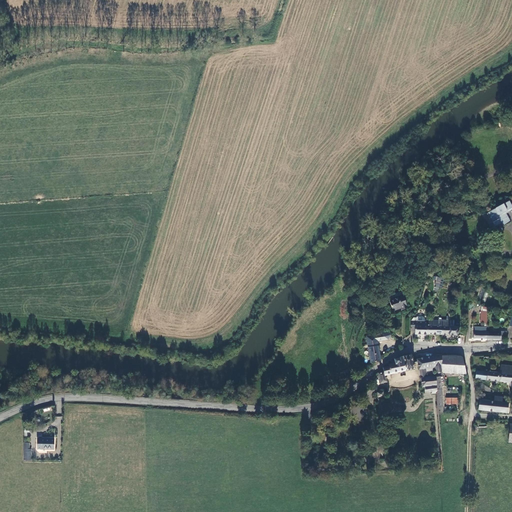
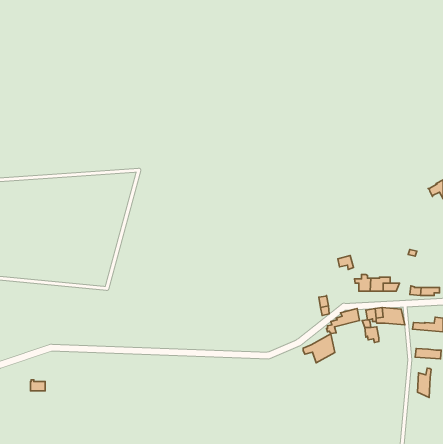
building: none -> [303,334,335,363]
building: none -> [418,368,431,397]

